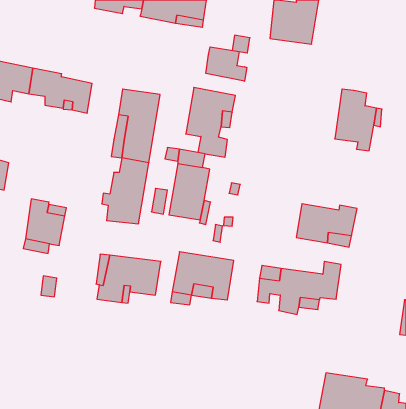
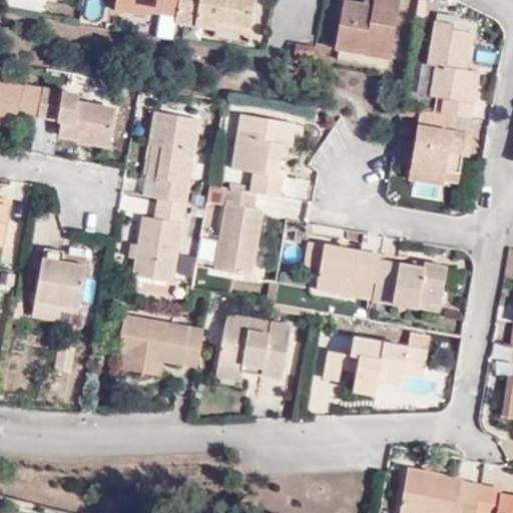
building: none -> [432,23,478,118]
building: [206,47,247,81] -> none
building: none -> [301,237,378,316]

